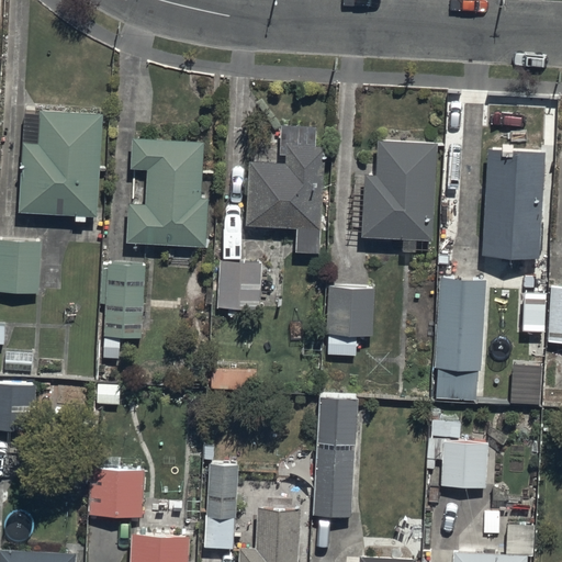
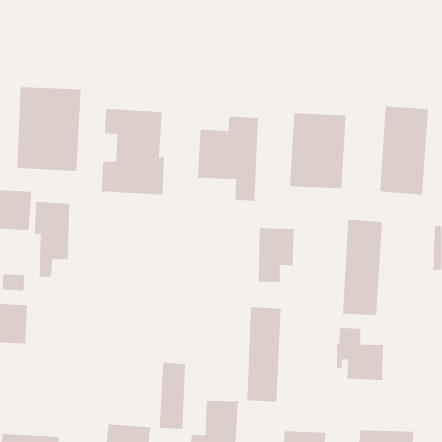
building: [217,261,261,312] -> none
building: [98,265,144,360] -> [34,202,70,277]
building: [88,472,144,521] -> none

